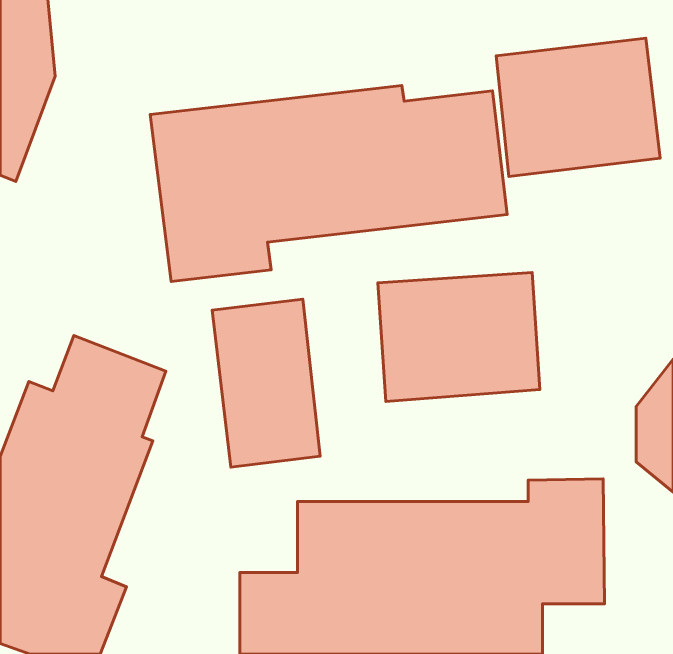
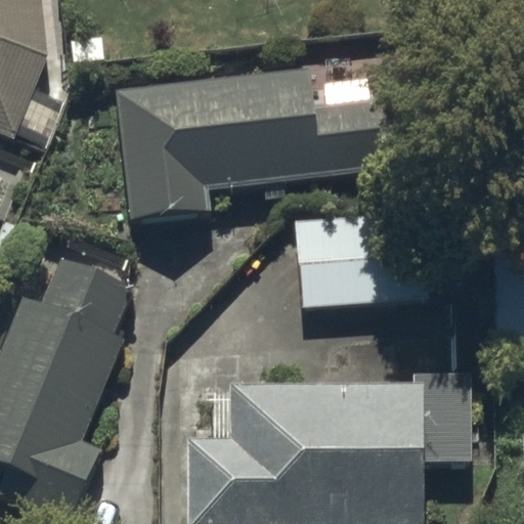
building: [496,38,660,176] -> none
building: [212,299,320,467] -> none

